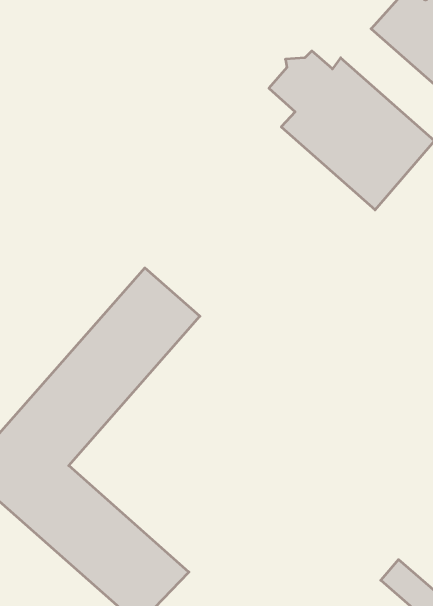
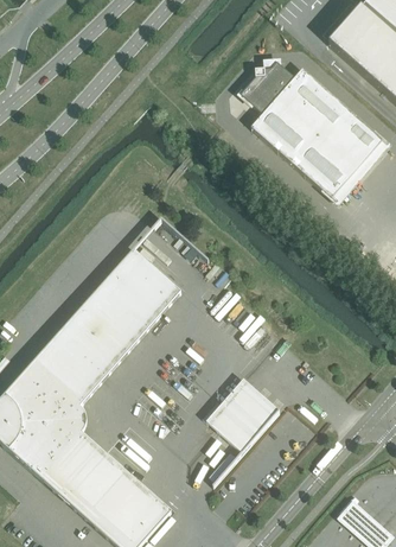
building: none -> [206,379,280,485]

